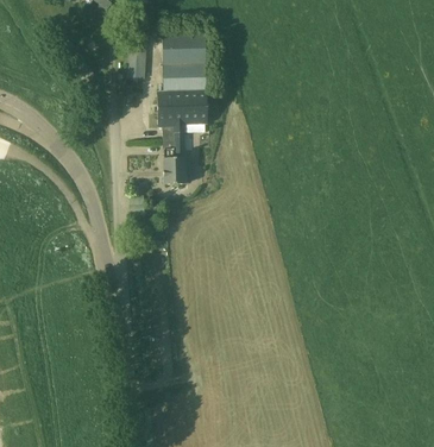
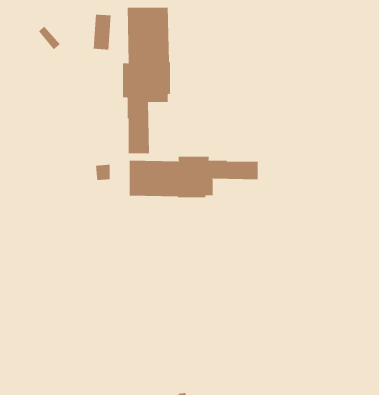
building: none -> [129,156,258,198]

